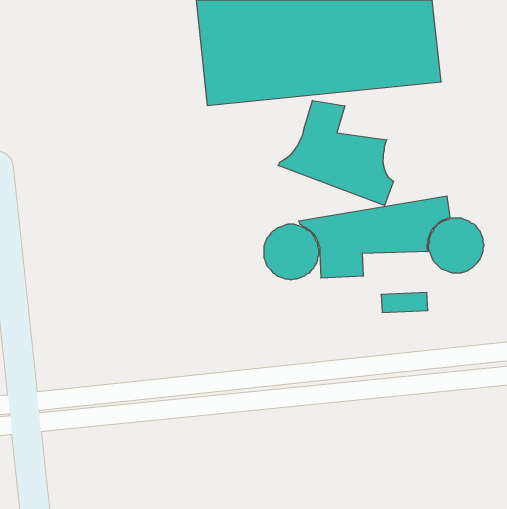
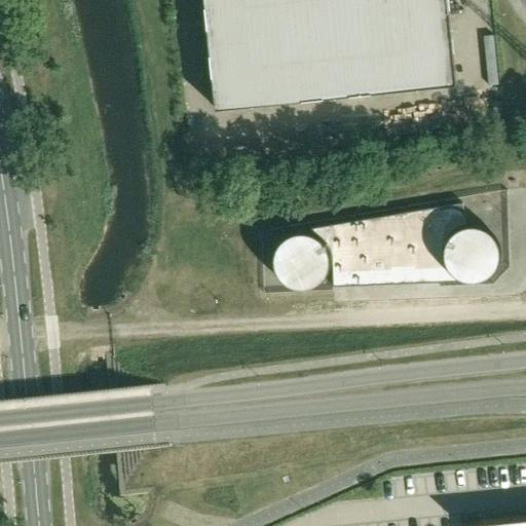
building: [278,100,393,206] -> none
building: [381,293,428,312] -> [390,262,439,283]

